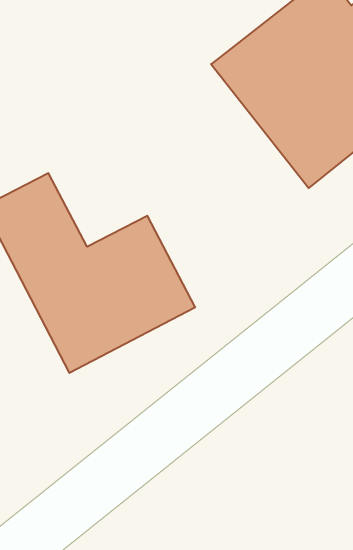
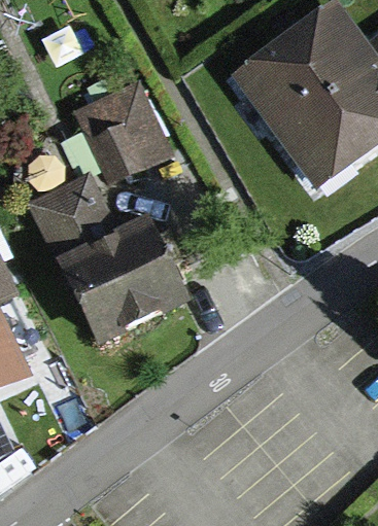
building: none -> [79,81,169,180]

